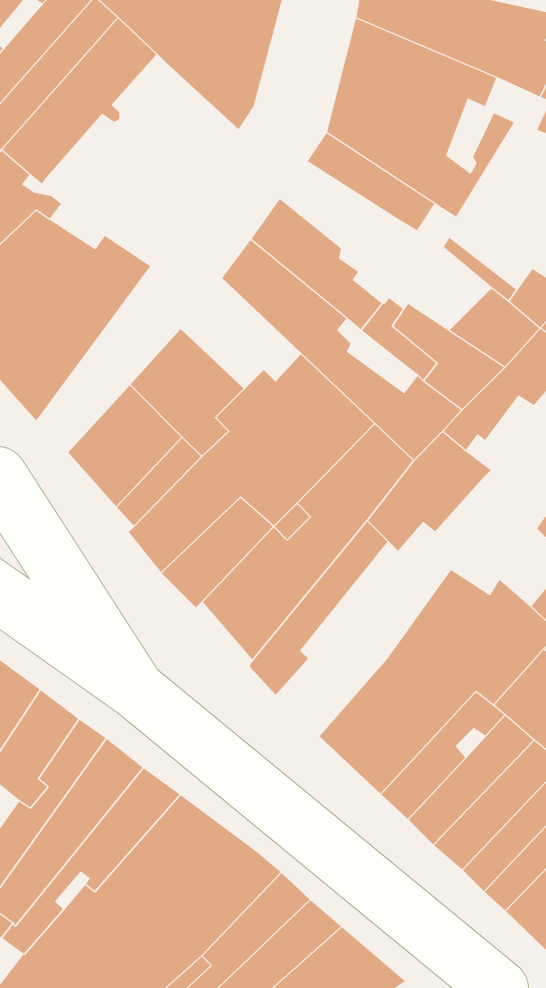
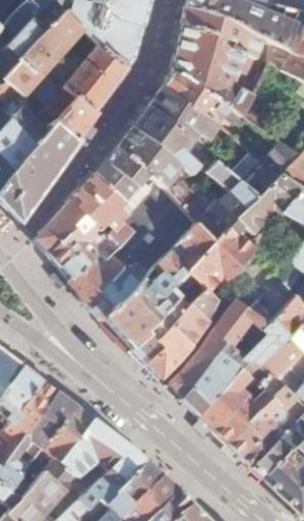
building: none -> [39,35,127,141]
building: none -> [148,86,210,144]
building: none -> [97,148,160,206]
building: none -> [148,286,220,379]

